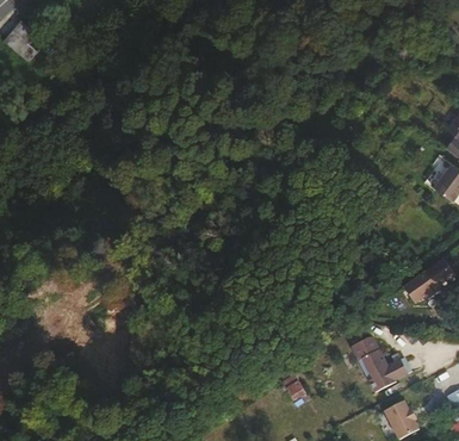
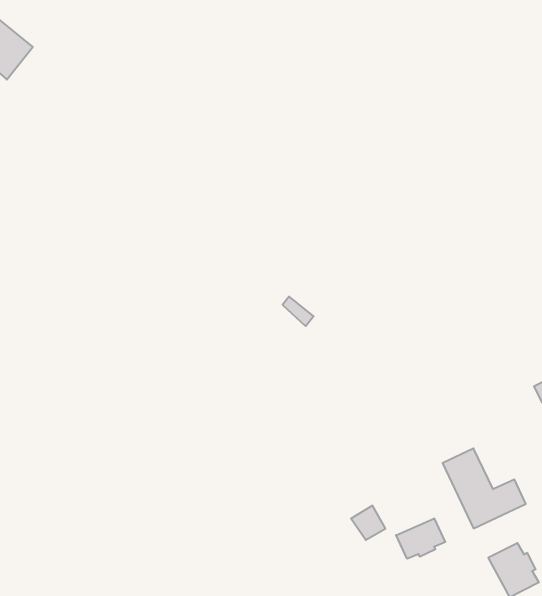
building: none -> [396,518,445,559]

